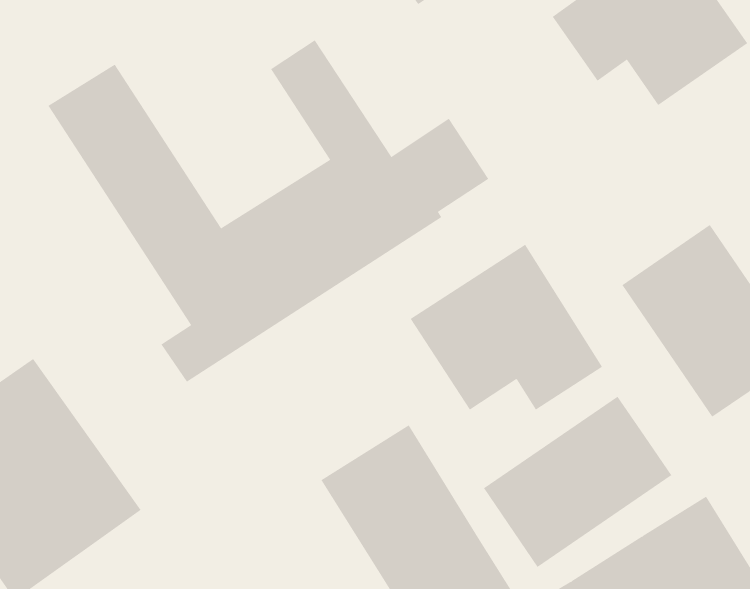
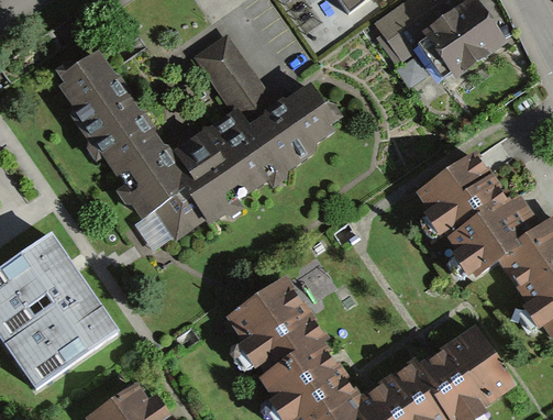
building: [410,244,603,411] -> none
building: [483,396,672,568] -> none

